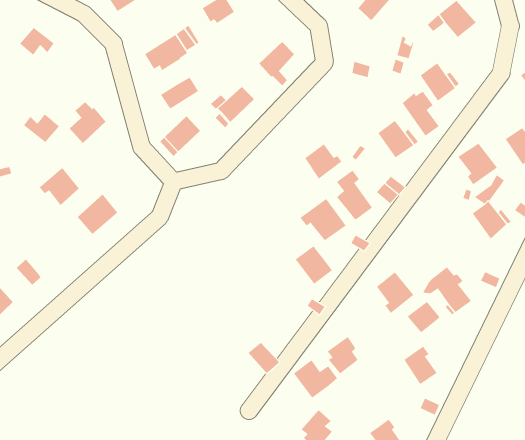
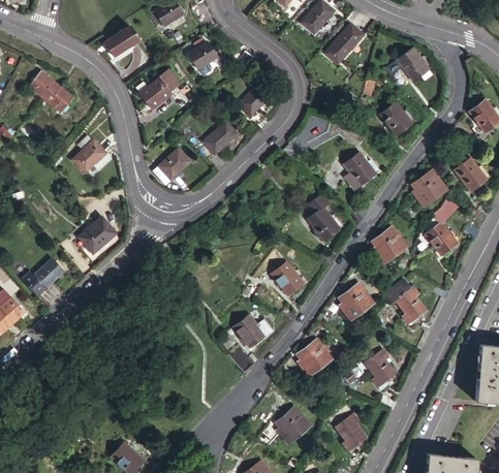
building: [160,77,199,110] -> none
building: [402,91,439,136] -> none
building: [23,113,60,143] -> [40,85,72,111]
building: [304,143,342,179] -> none
building: [39,167,79,206] -> none
building: [300,198,346,241] -> none
building: none -> [373,227,407,264]
building: none -> [34,258,63,286]
building: [407,301,440,333] -> none
building: [293,359,338,398] -> [232,313,272,347]

